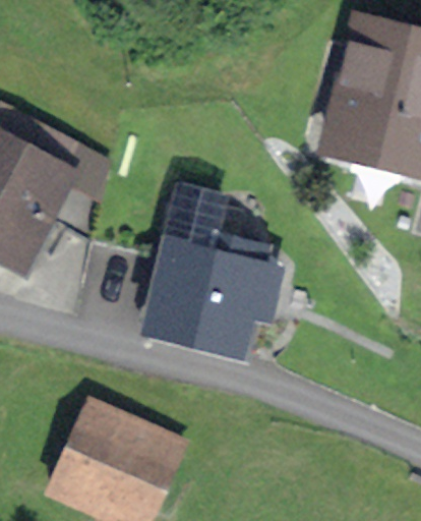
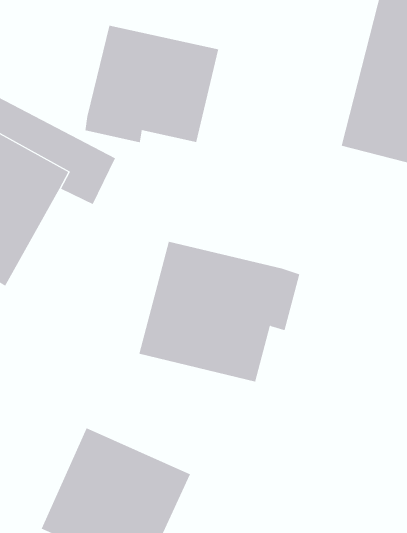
building: none -> [85,25,219,143]
building: [164,181,270,260] -> none

